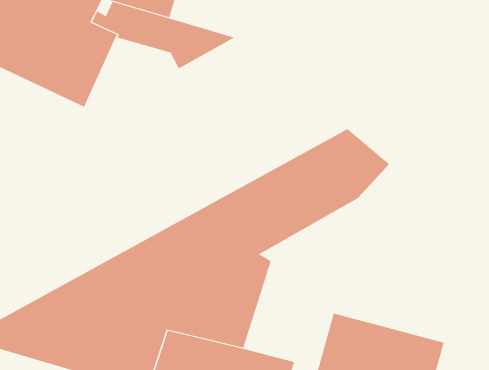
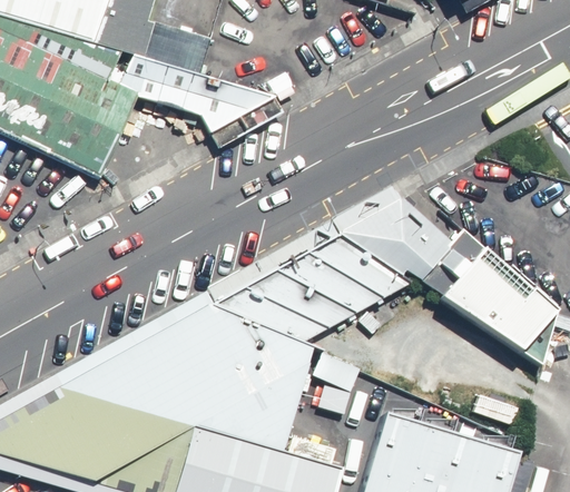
building: none -> [440,250,558,370]

